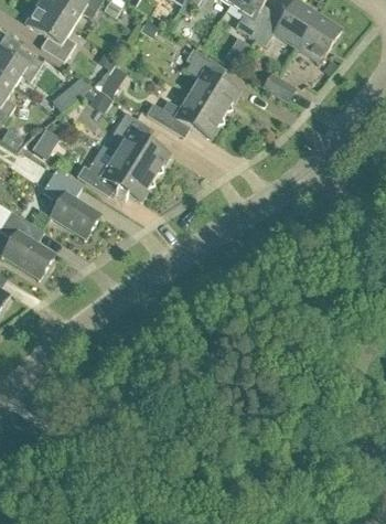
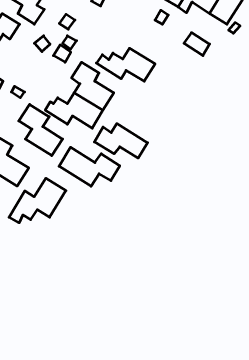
building: [185,47,238,114] -> none
building: none -> [94,124,148,158]
building: none -> [59,147,120,186]
building: none -> [9,178,66,223]

